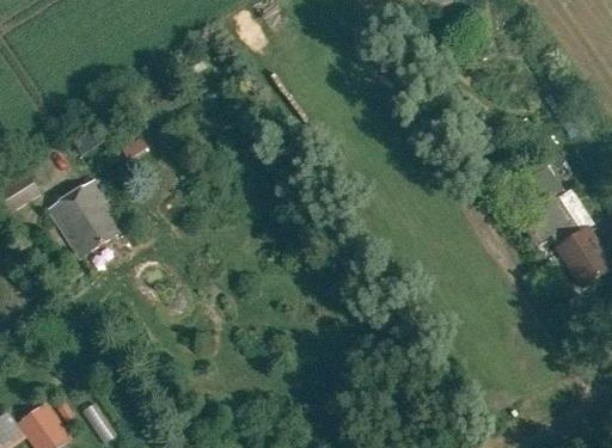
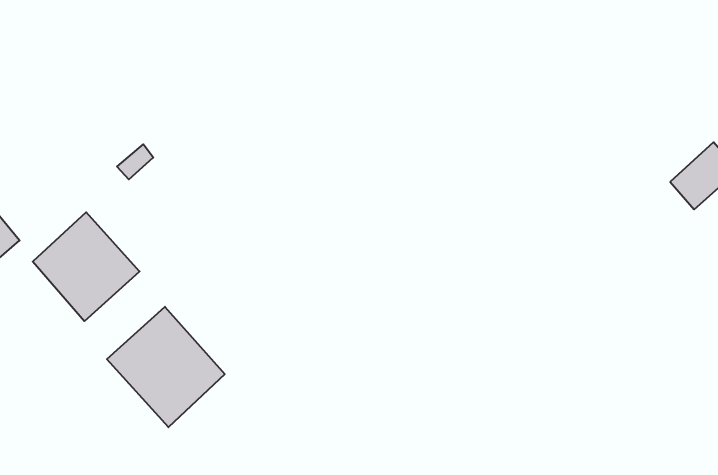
building: none -> [107,307,225,427]

